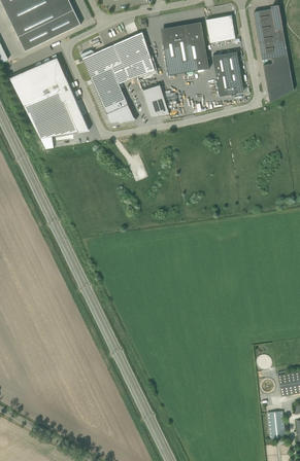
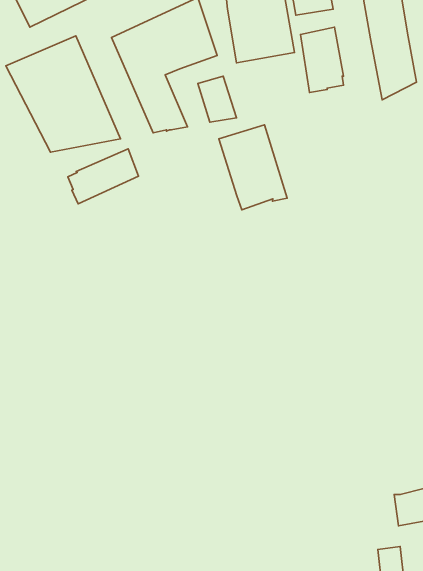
building: none -> [219,125,287,210]
building: none -> [68,149,138,204]

